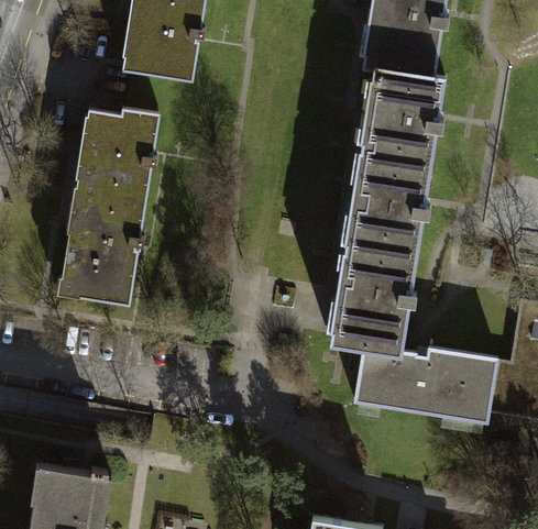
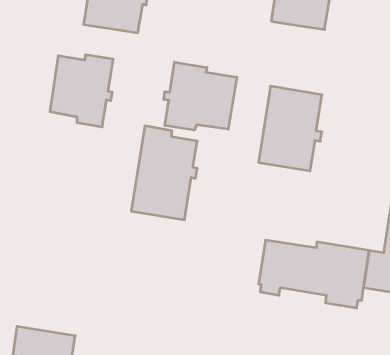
building: [363,67,444,161] -> none
building: none -> [164,62,237,130]
building: [58,183,144,305] -> [131,126,197,220]
building: [332,249,417,356] -> none

